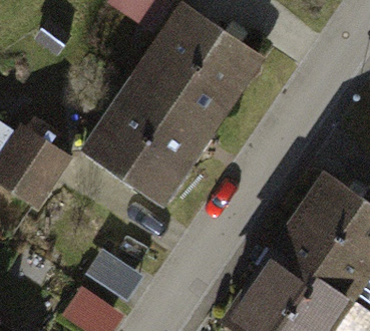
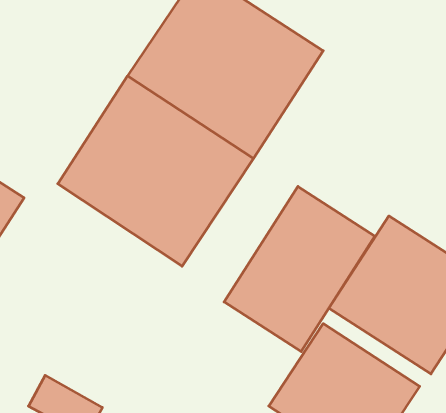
building: none -> [224,186,375,352]

